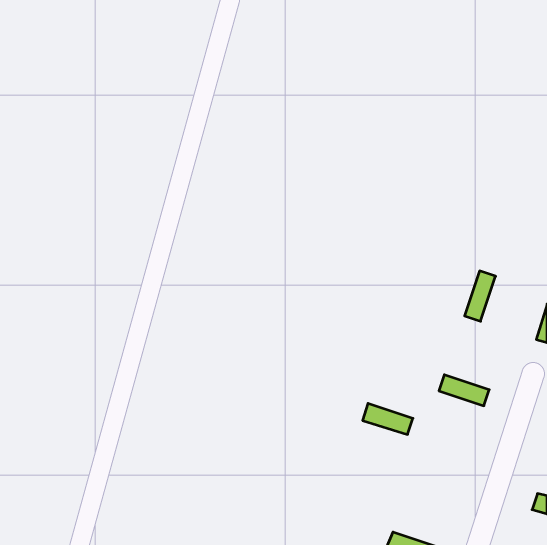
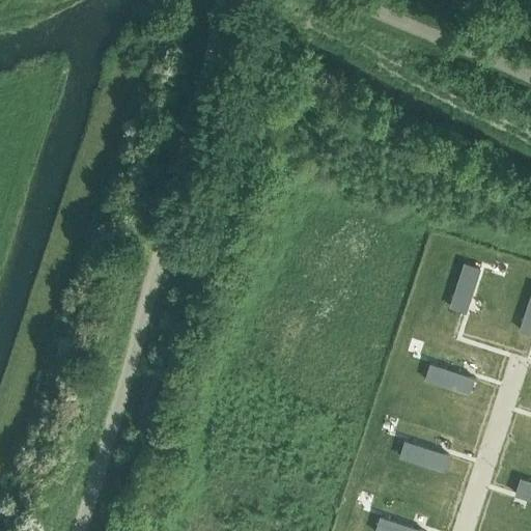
building: [363,403,413,434] -> [400,442,449,472]

